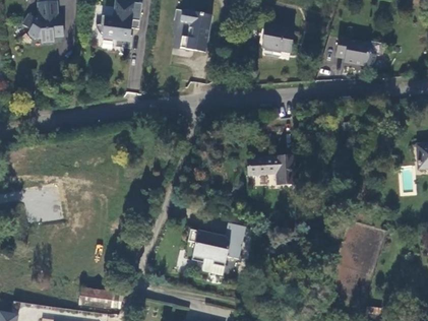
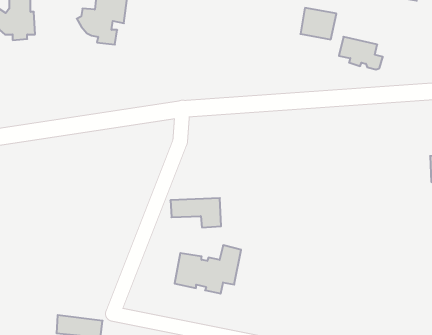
building: [180,11,212,53] -> none
building: [261,24,294,53] -> [300,8,336,39]
building: [248,157,294,184] -> [170,198,221,227]

